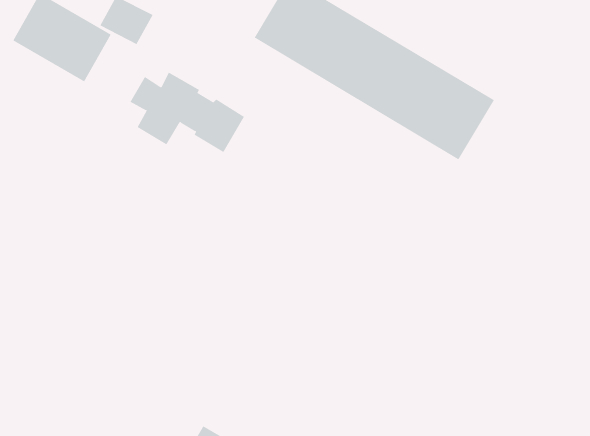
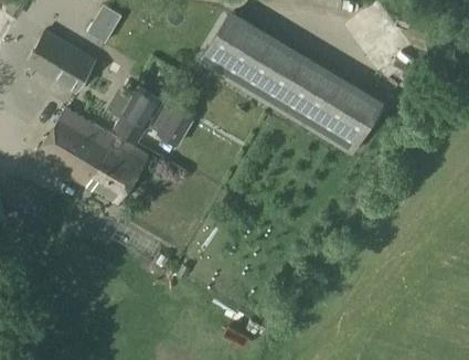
building: none -> [39,105,149,200]

